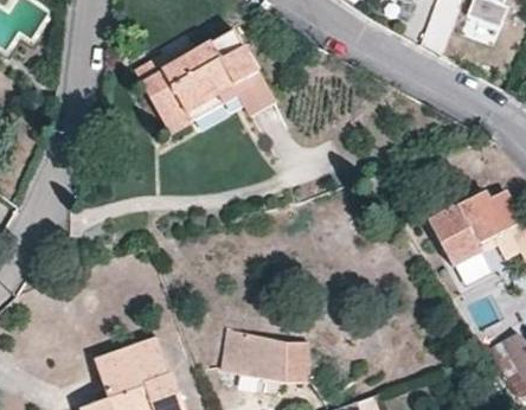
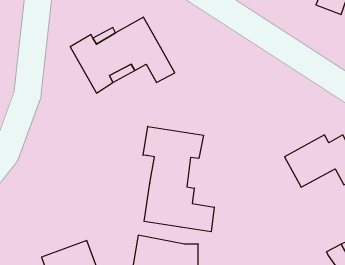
building: none -> [143,126,214,232]

